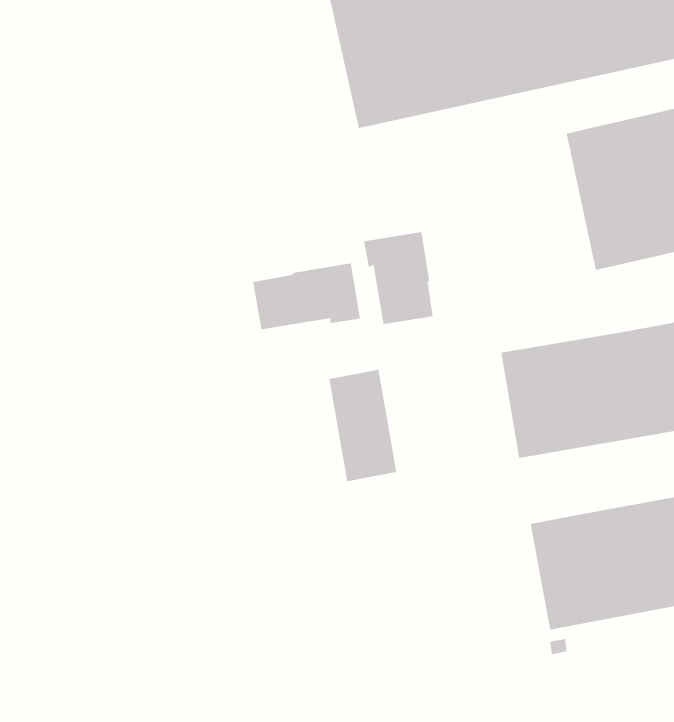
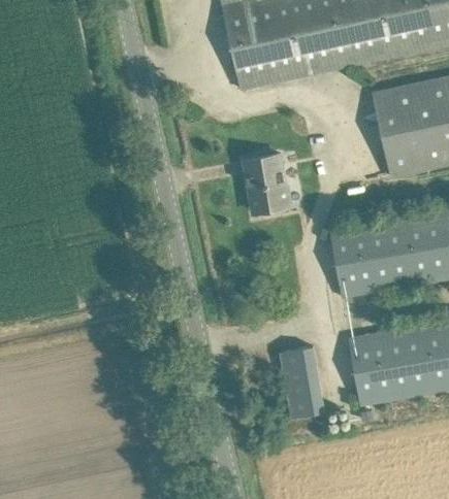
building: [253,262,361,330] -> none
building: [329,369,397,482] -> [281,345,324,417]

